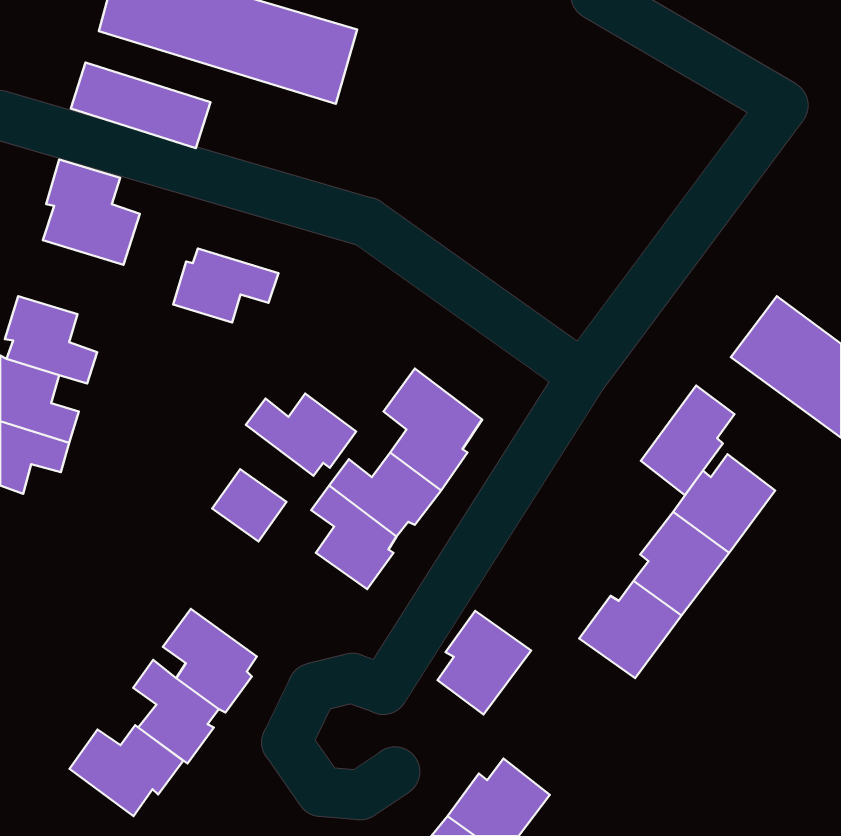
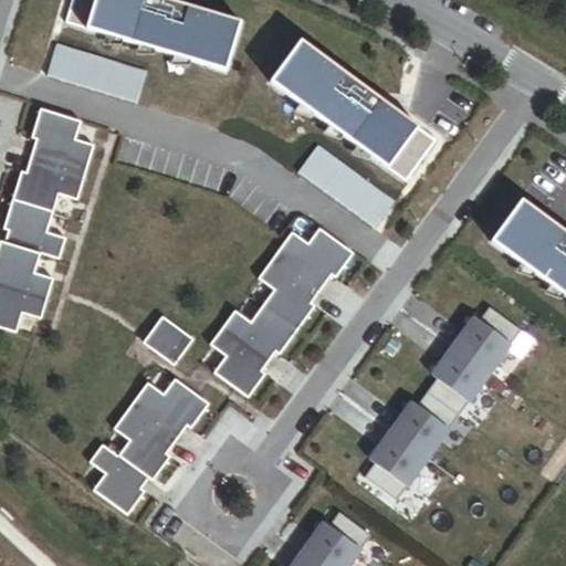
building: none -> [270,40,434,180]
building: none -> [297,145,392,227]
building: [173,248,278,323] -> [12,161,83,211]
building: [641,385,734,495] -> none
building: [246,394,356,476] -> [279,227,353,282]
building: none -> [128,378,208,441]
building: [437,611,531,715] -> [364,429,427,499]
building: [69,725,183,816] -> none

